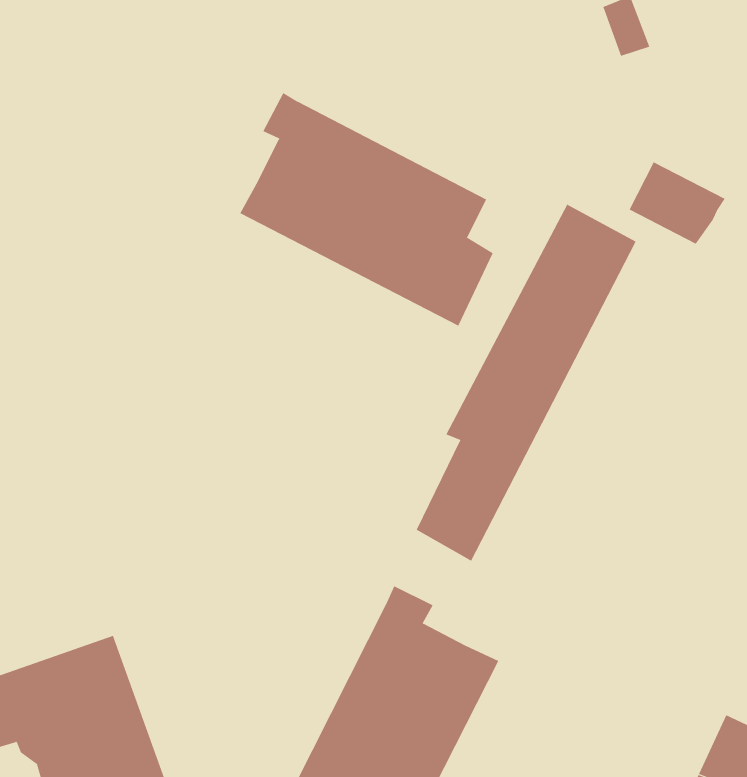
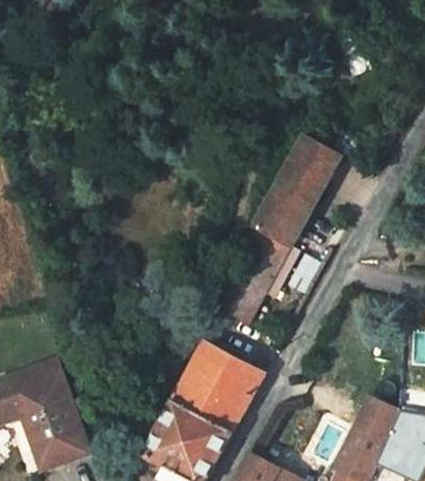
building: [240,92,493,326] -> none
building: [629,161,726,244] -> none

